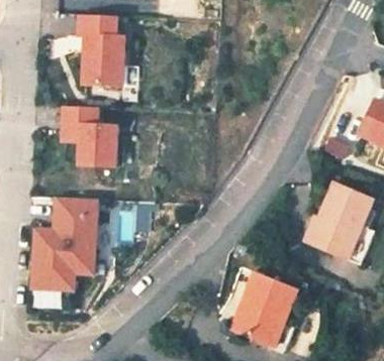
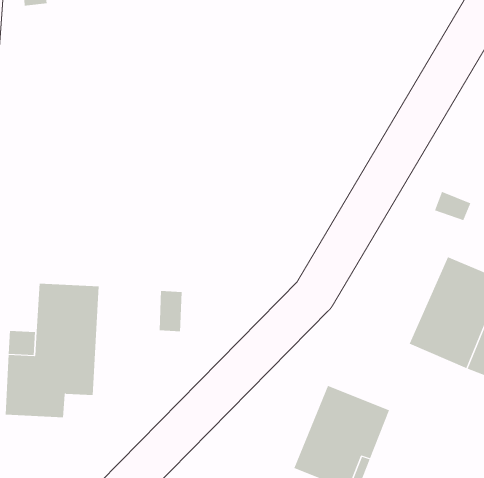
building: [77,17,123,88] -> none
building: [60,105,122,167] -> none

